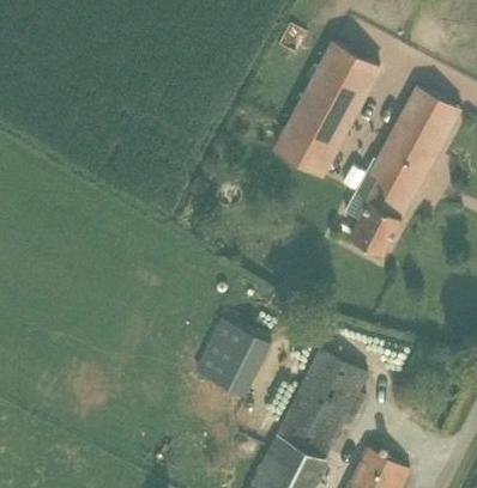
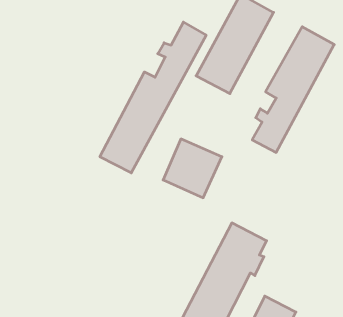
building: none -> [100,22,206,173]
building: [195,317,274,396] -> [163,139,222,198]

